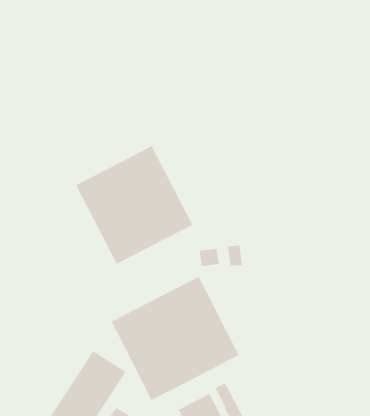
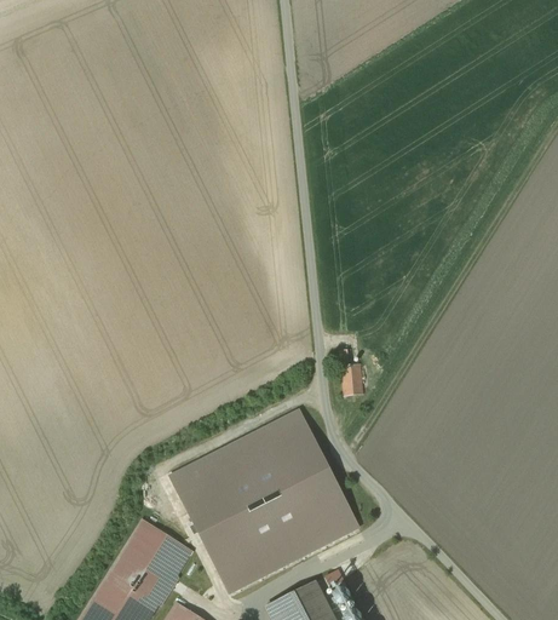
building: [75,145,193,264] -> none
building: [199,248,219,267] -> none

